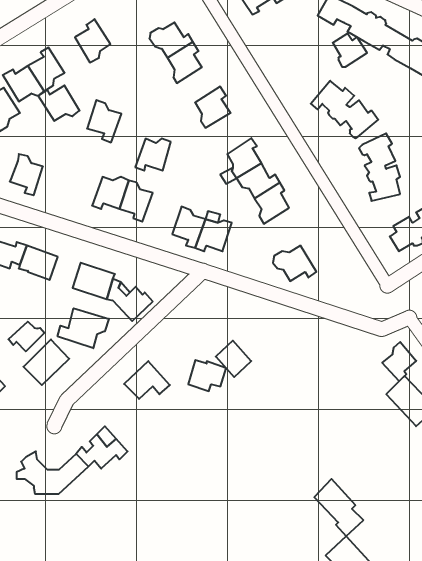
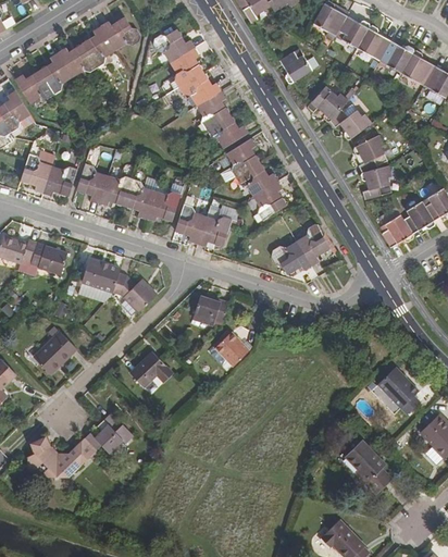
building: none -> [100,17,140,50]
building: [333,34,367,67] -> [278,51,311,83]
building: none -> [178,72,220,106]
building: [38,85,80,121] -> [57,44,96,77]
building: [87,100,121,142] -> [75,163,108,203]
building: none -> [206,115,247,149]
building: [135,139,171,171] -> [146,191,179,222]
building: none -> [42,166,76,197]
building: none -> [296,225,329,267]
building: [58,308,109,348] -> none
building: [8,322,45,351] -> none
building: [382,342,416,381] -> none
building: [188,360,226,391] -> [192,296,228,325]
building: [314,479,363,536] -> [345,440,391,494]

